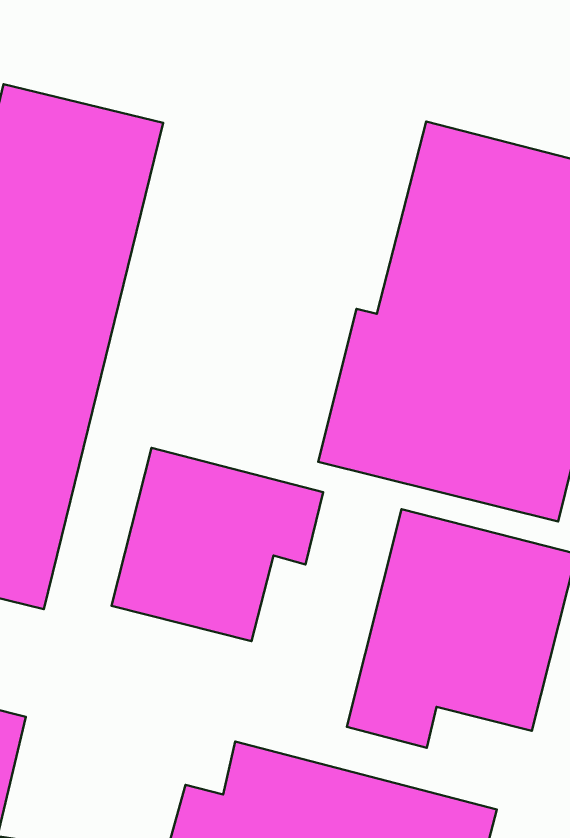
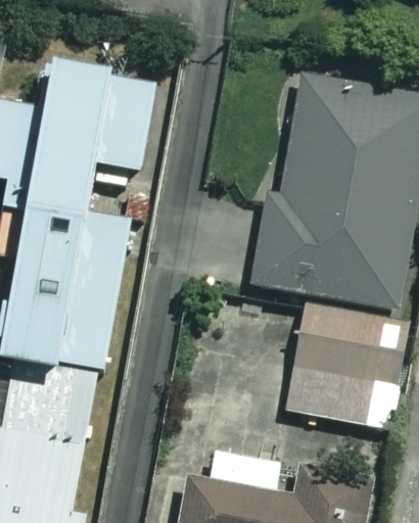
building: [112,448,323,641] -> none

